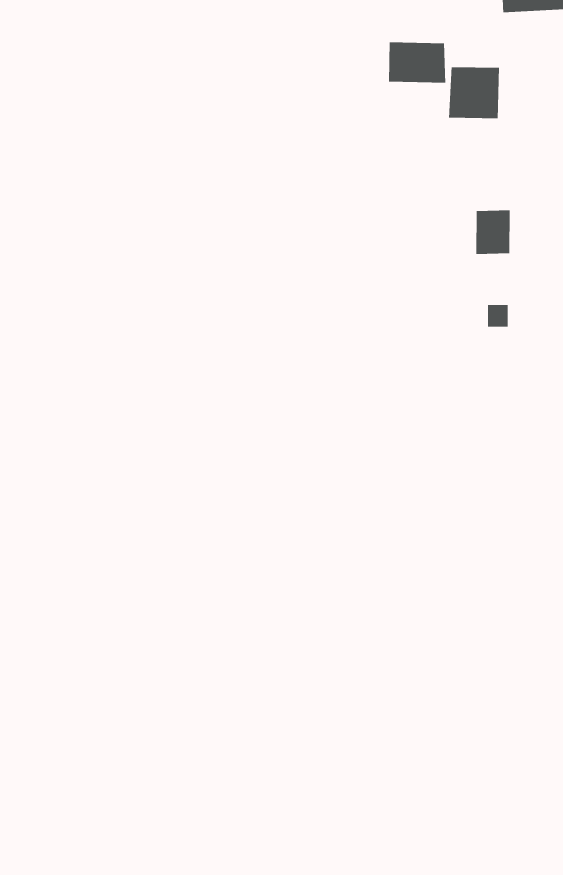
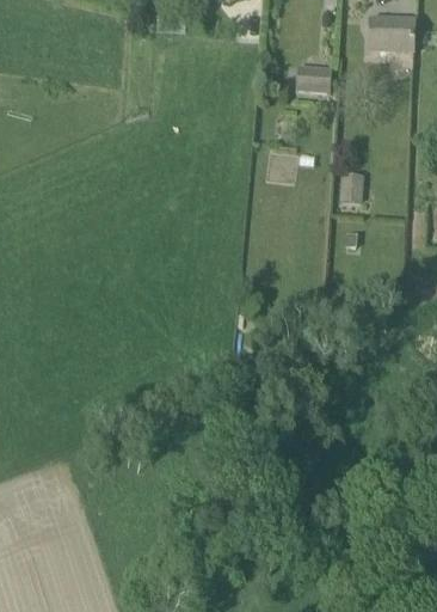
building: [448,67,500,119] -> none

